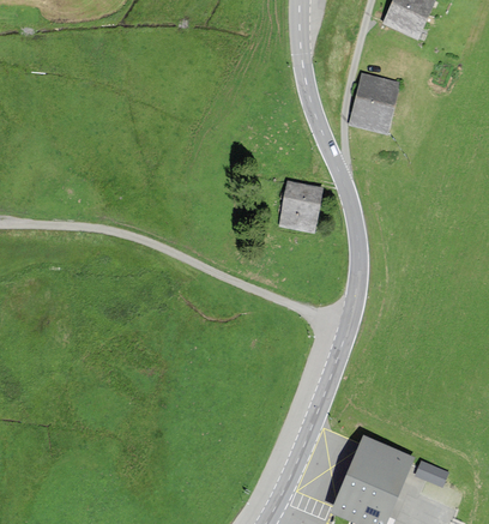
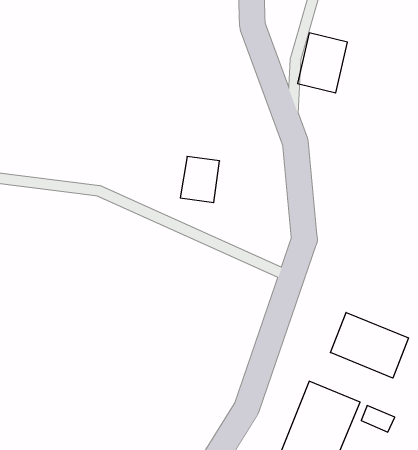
building: [282,177,322,225] -> [180,156,220,203]
building: none -> [330,312,408,378]

